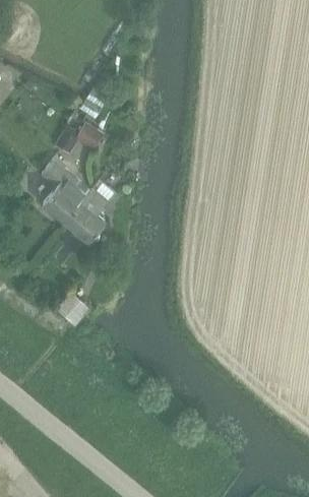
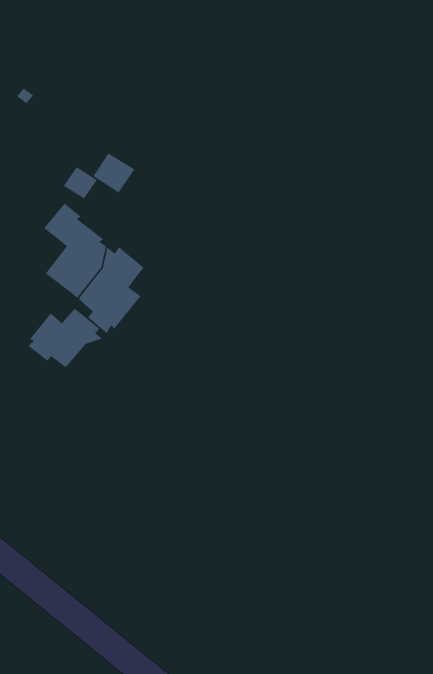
building: none -> [27,308,103,368]

